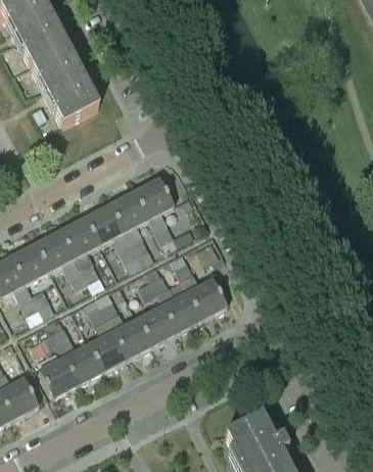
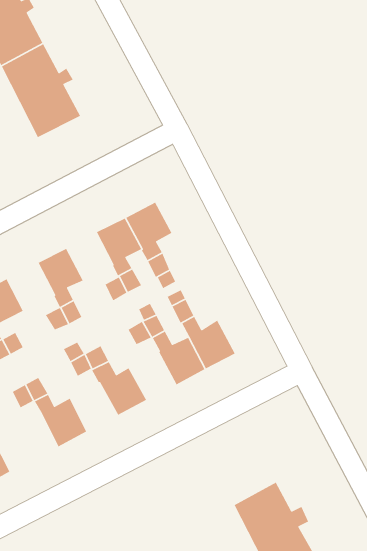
building: [86,203,125,244] -> none
building: [36,229,76,270] -> none
building: [138,303,178,344] -> none
building: [89,330,129,371] -> none
building: [39,356,79,397] -> none

